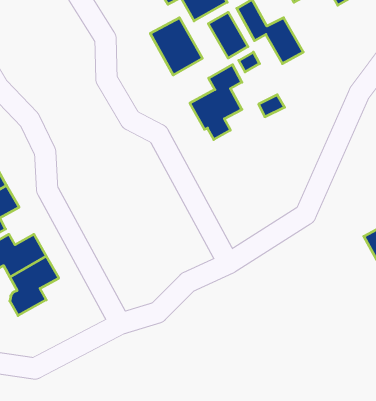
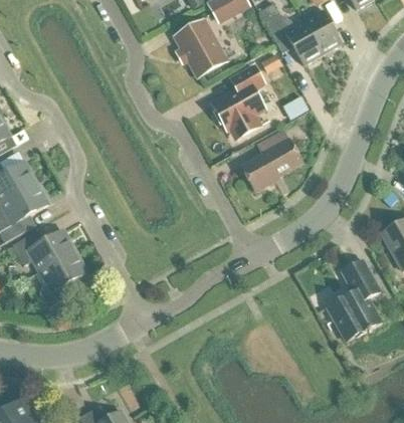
building: [208,12,248,58] -> [304,9,342,53]
building: none -> [241,130,298,190]
building: none -> [327,258,381,339]

